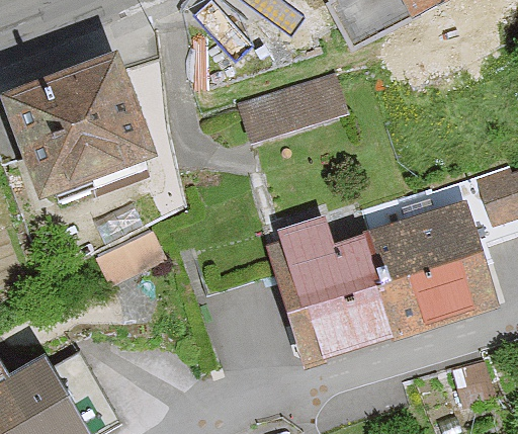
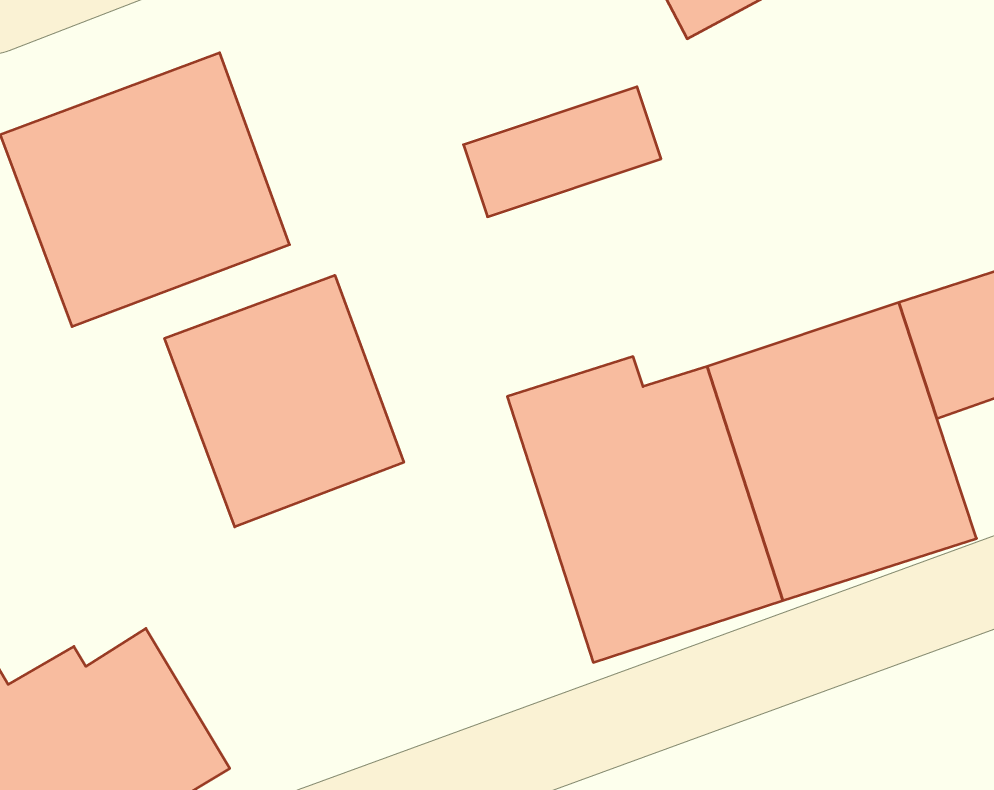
building: none -> [165,275,404,527]

